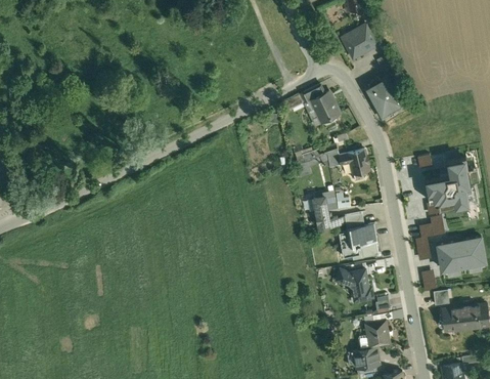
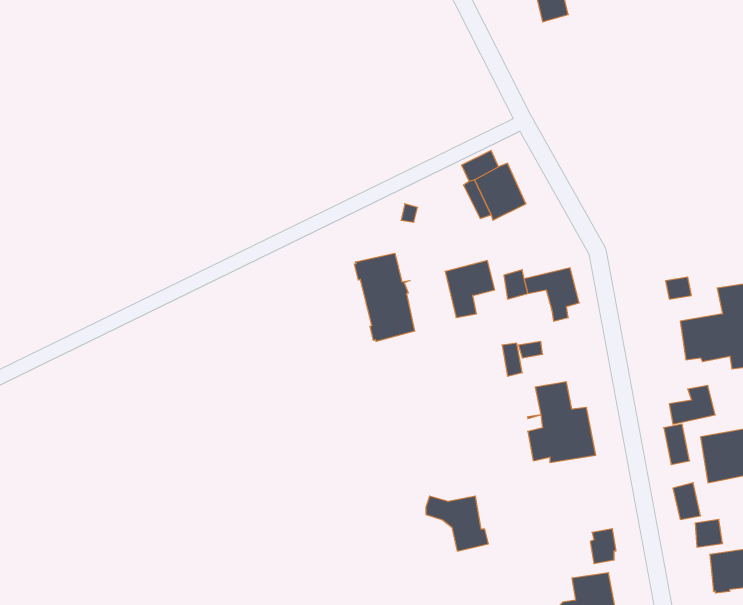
building: [338,19,380,59] -> none
building: [364,78,402,119] -> none
building: none -> [354,253,415,341]
building: [312,198,338,229] -> none
building: [337,270,371,301] -> [426,496,488,551]

